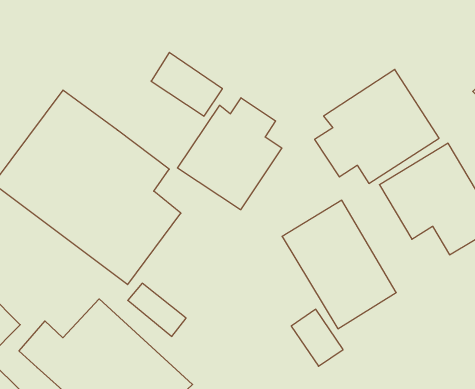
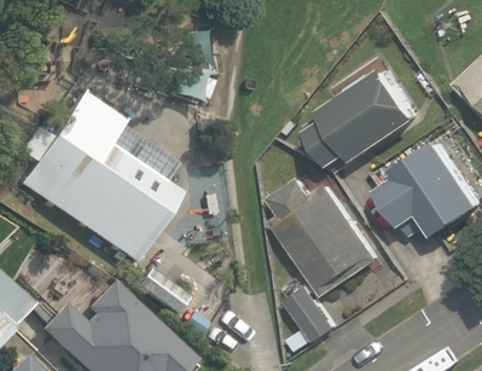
building: [177,98,282,210] -> none

